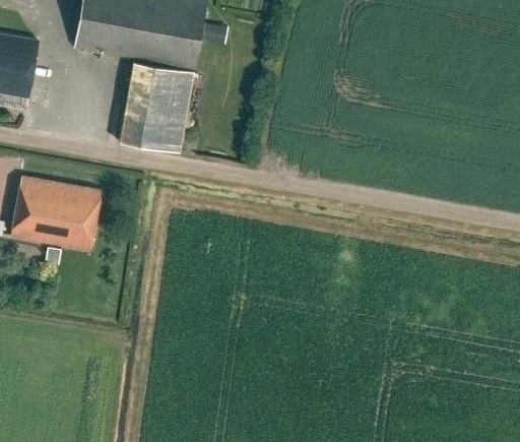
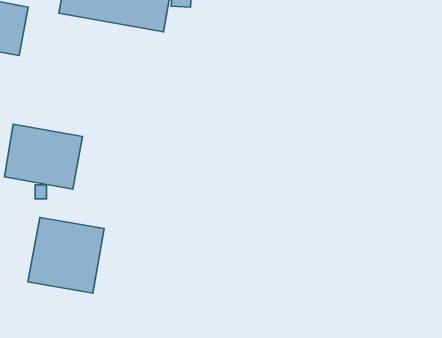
building: [118,62,194,153] -> none
building: none -> [28,217,104,293]

